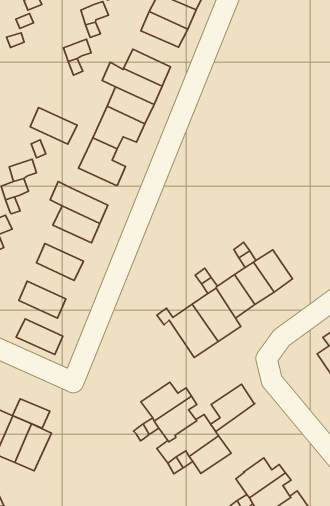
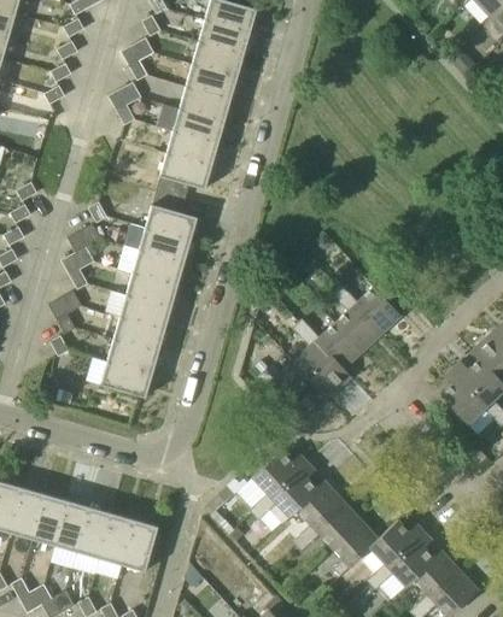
building: none -> [186,65,236,100]
building: [30,107,77,144] -> [139,228,191,264]
building: none -> [119,295,171,330]
building: [16,319,63,355] -> [106,340,158,375]
building: [211,384,255,431] -> [331,519,379,576]
building: [13,399,50,428] -> none

